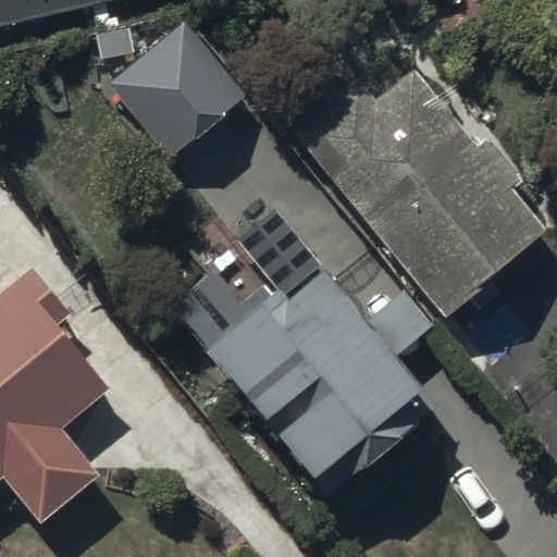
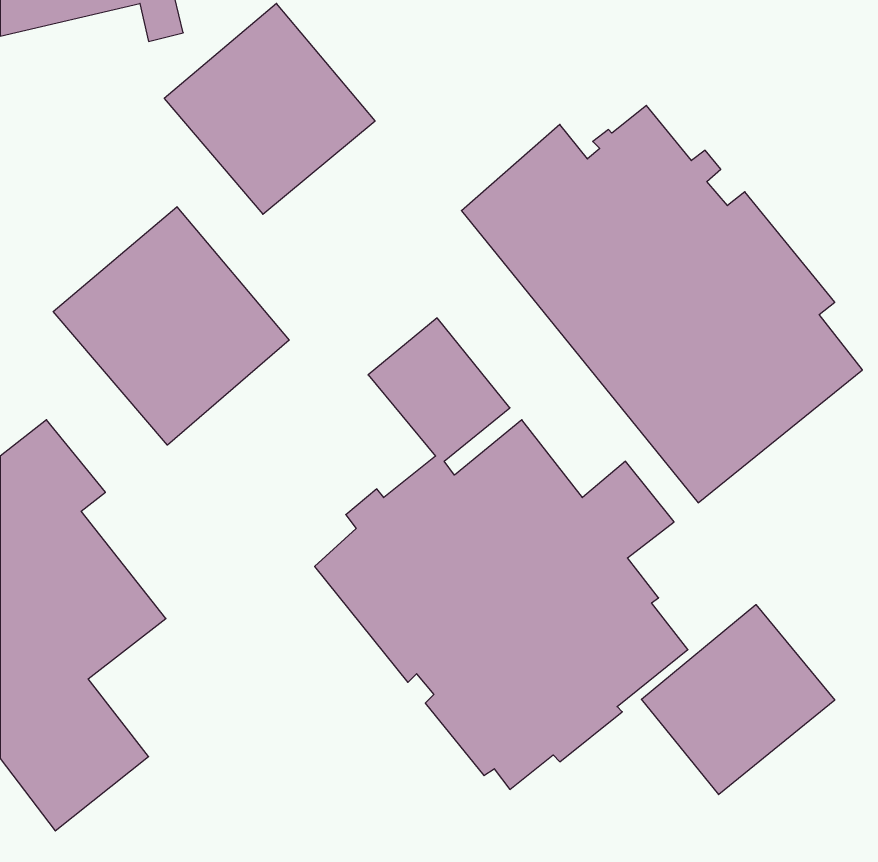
building: none -> [53,207,289,445]
building: none -> [641,605,835,795]

